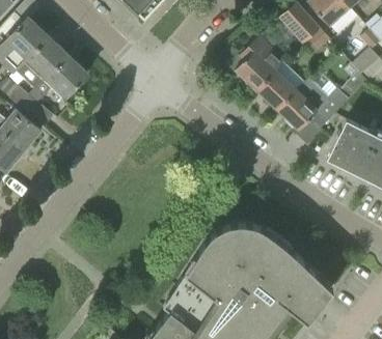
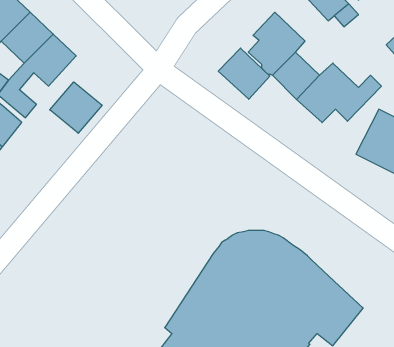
building: none -> [218,48,270,99]
building: none -> [50,82,102,133]

